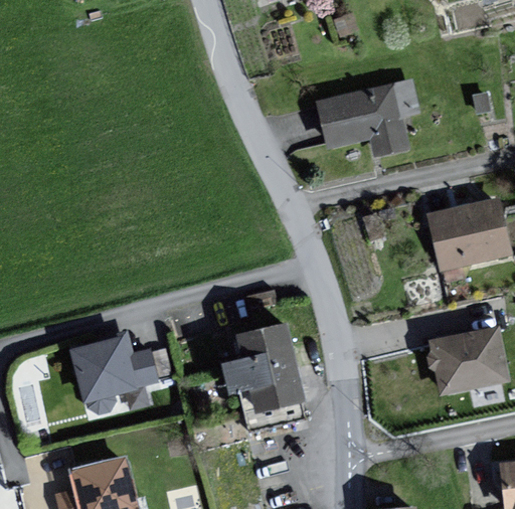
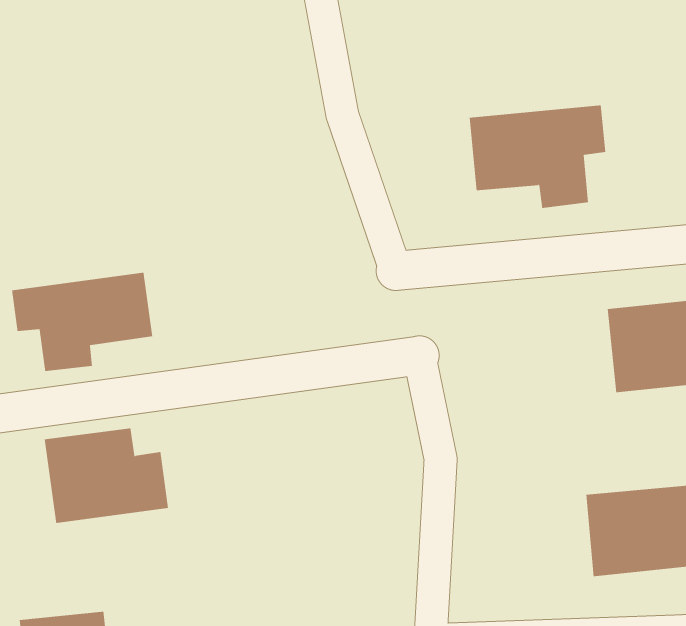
building: none -> [11,272,153,372]
building: [218,325,300,413] -> none

